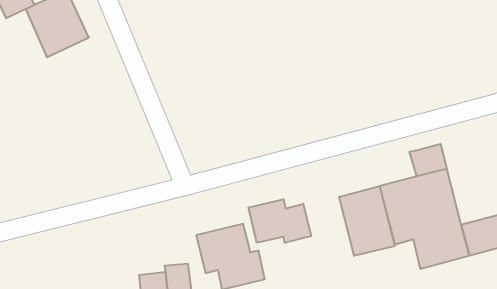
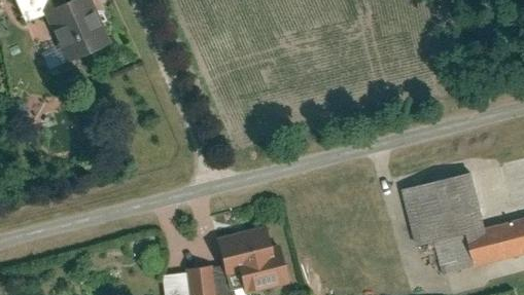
building: [410,144,447,176] -> none
building: [339,186,395,256] -> none
building: [248,199,311,243] -> none

